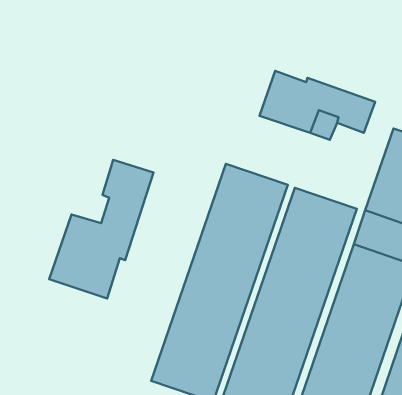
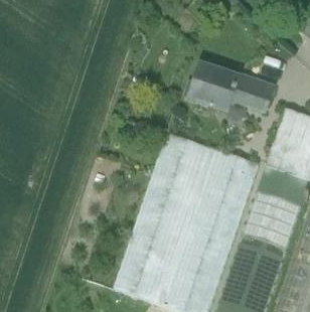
building: [49,160,154,299] -> none

